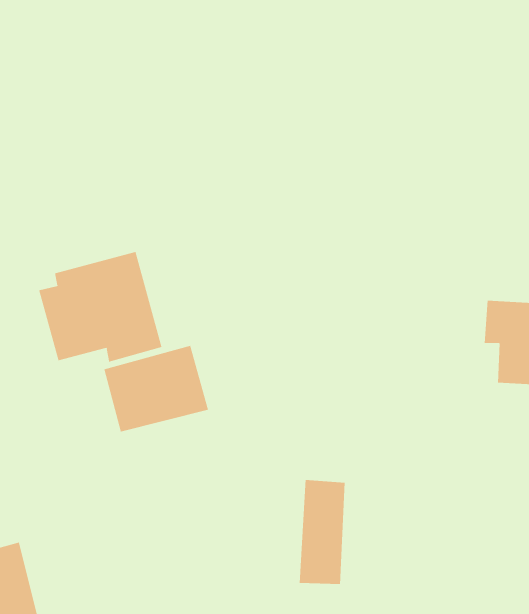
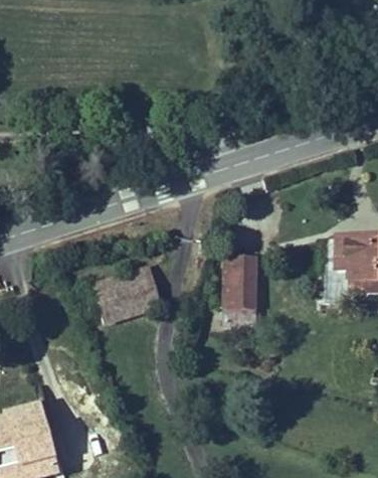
building: [38,251,162,363] -> none
building: [299,479,345,585] -> [224,255,255,325]

